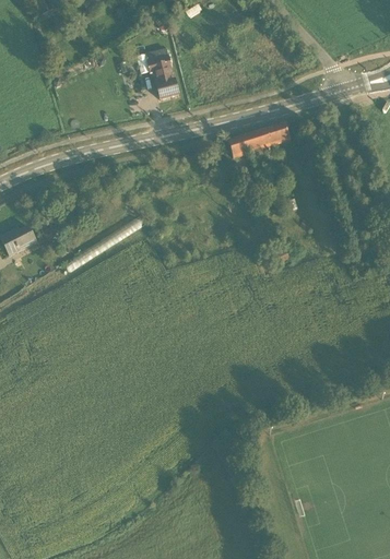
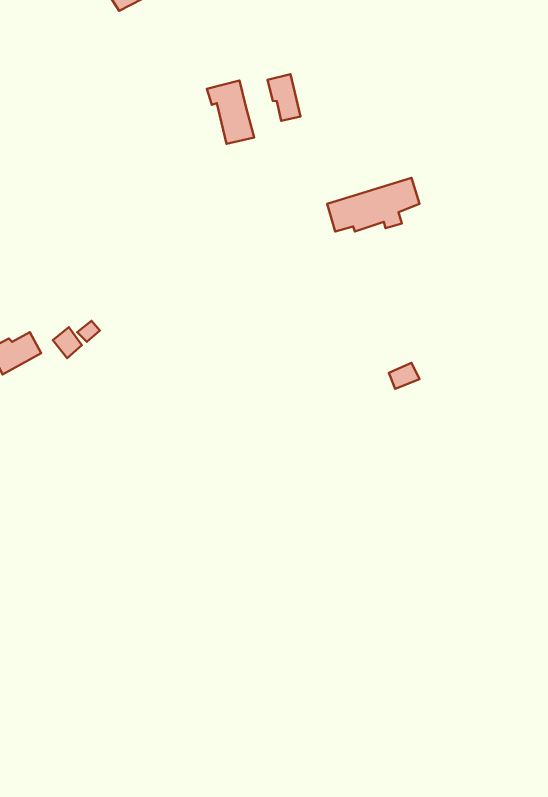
building: none -> [268,74,300,121]

